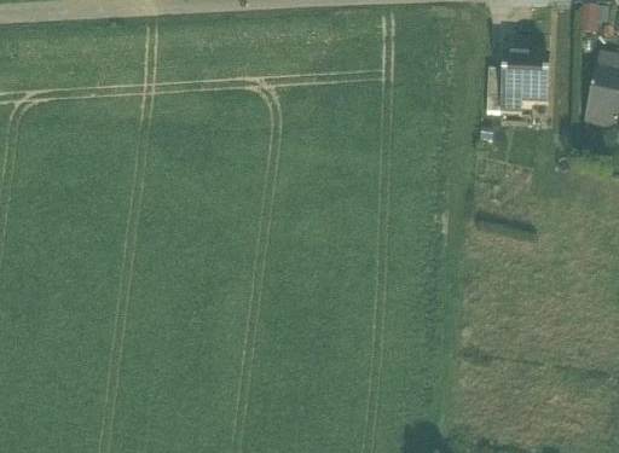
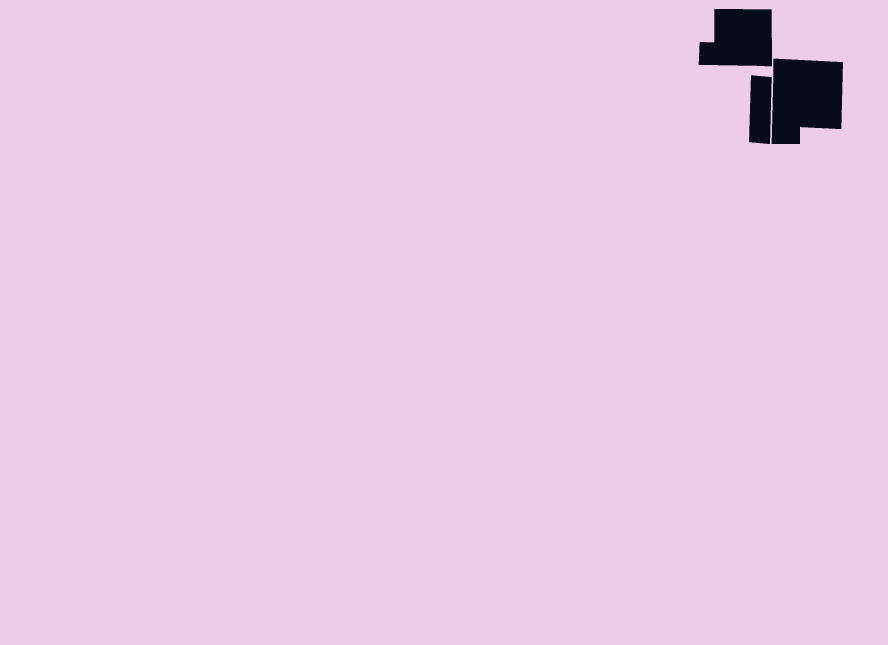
building: none -> [698,8,773,67]

